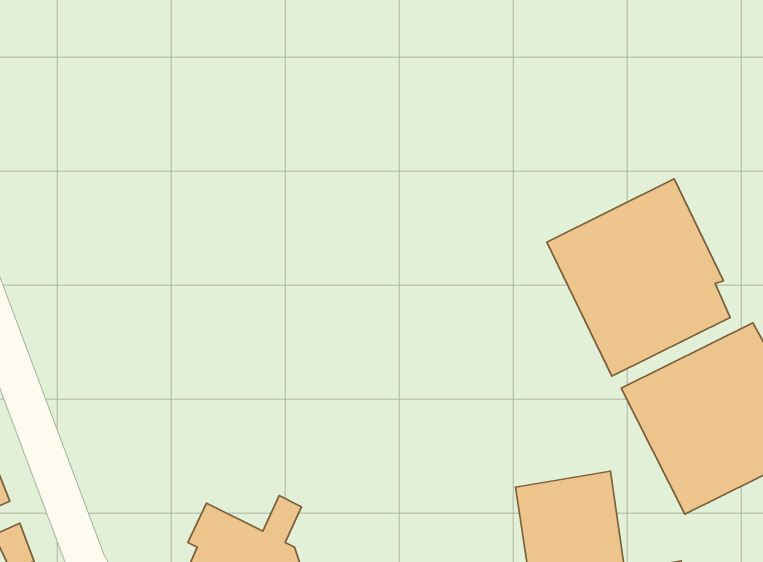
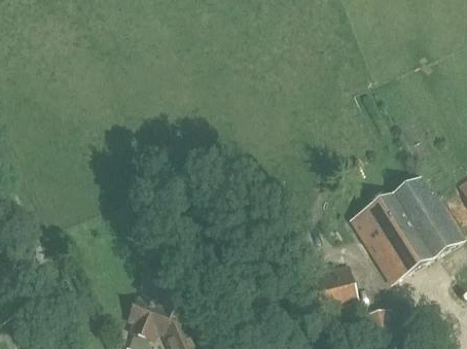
building: [547,179,730,376] -> none

